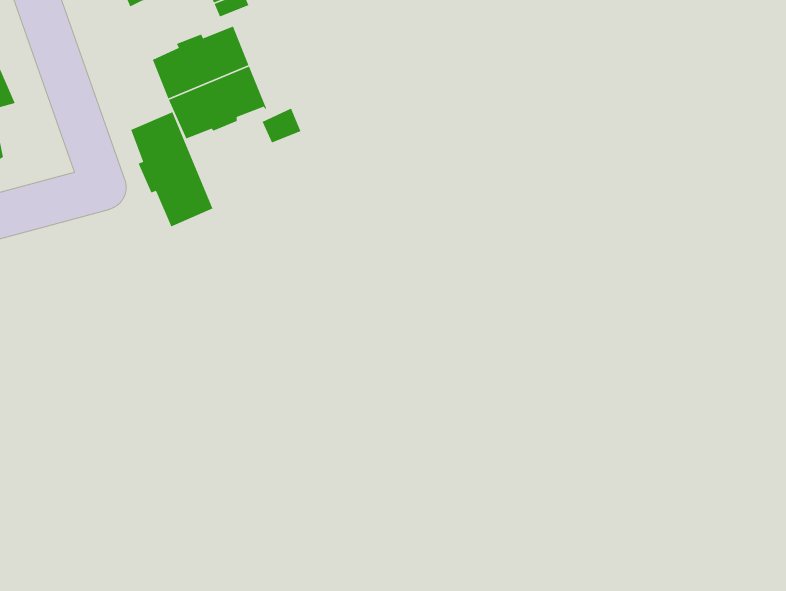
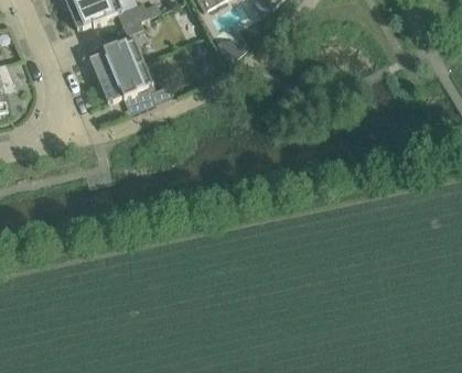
building: [130,111,213,227] -> none

